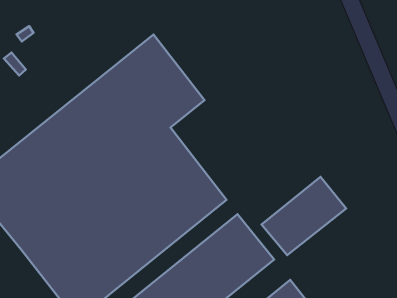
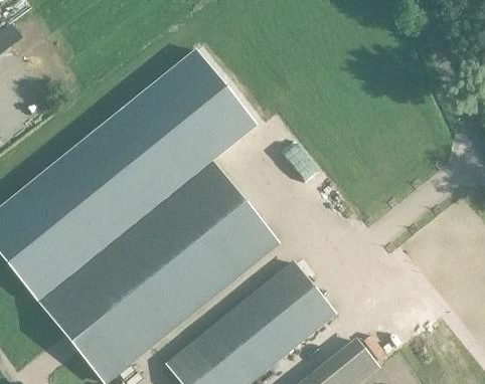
building: [262,177,346,255] -> none

